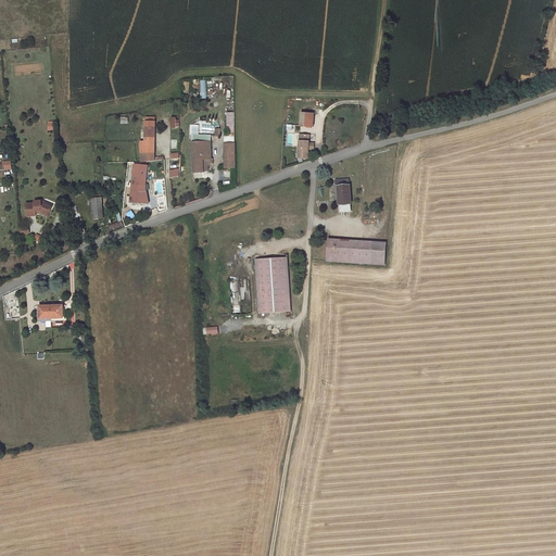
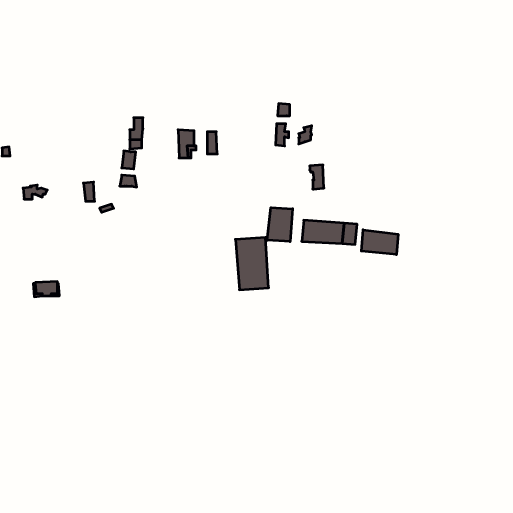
building: none -> [267,208,293,242]
building: none -> [361,230,398,255]

